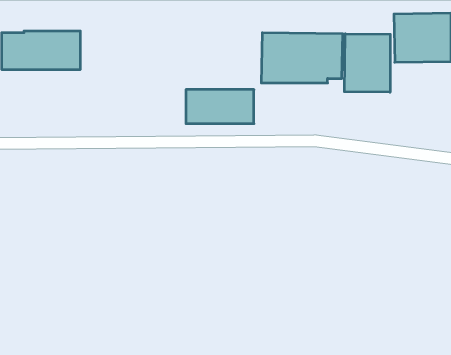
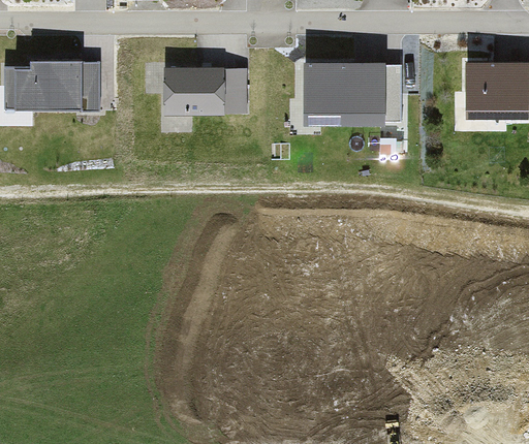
building: [344,34,390,92] -> none
building: [186,90,254,124] -> [168,71,247,110]

